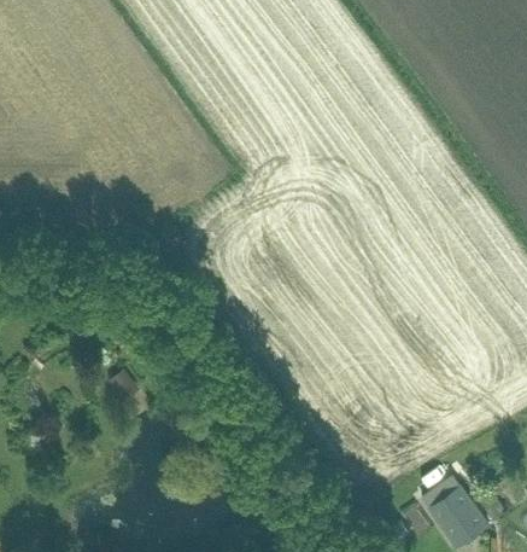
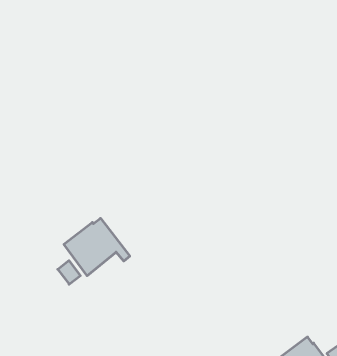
building: none -> [64,218,130,276]

